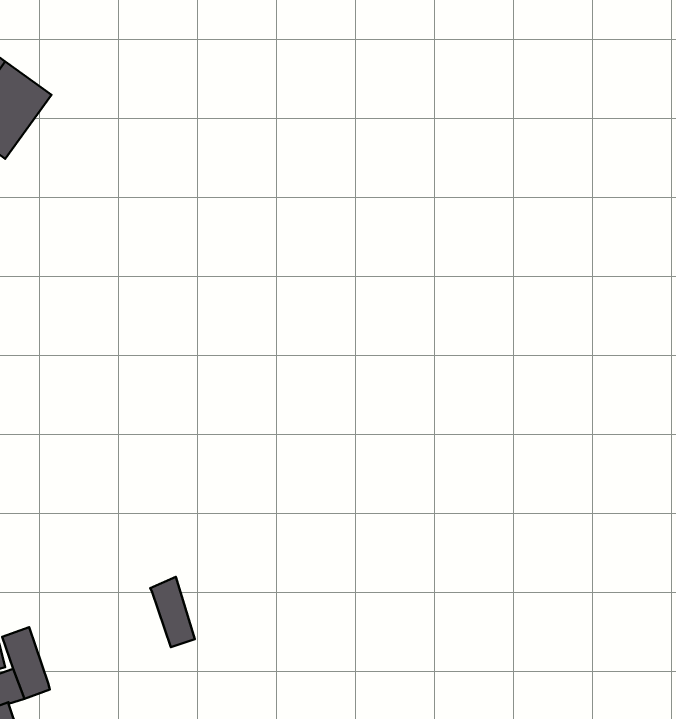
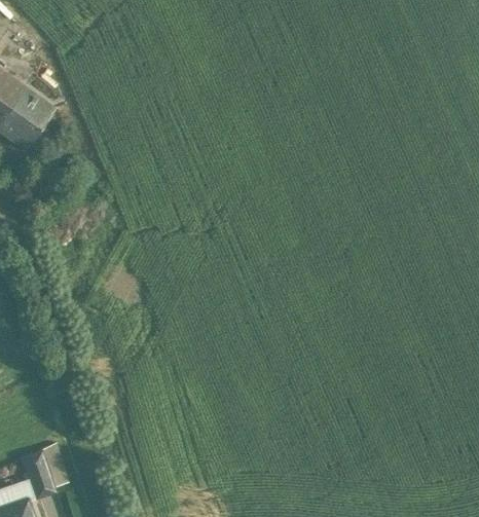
building: [150,577,195,647] -> [40,442,69,487]

